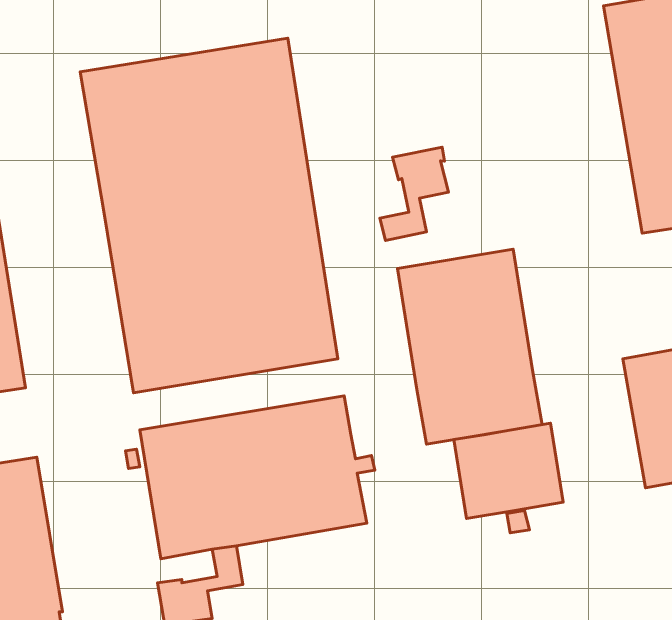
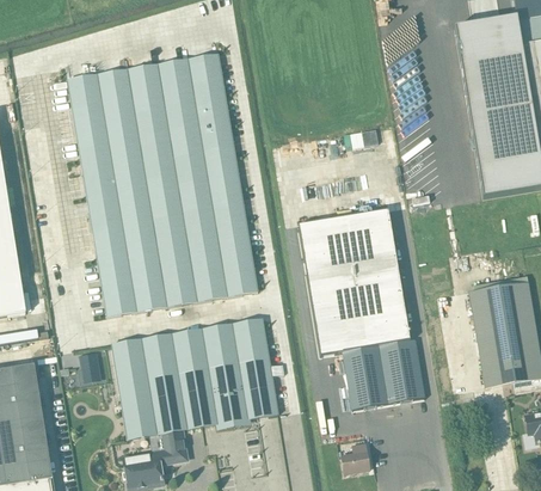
building: [380,147,448,240] -> none
building: none -> [340,442,369,472]

